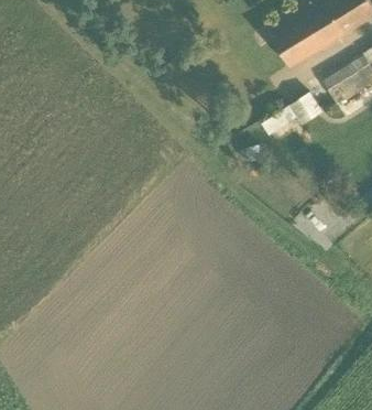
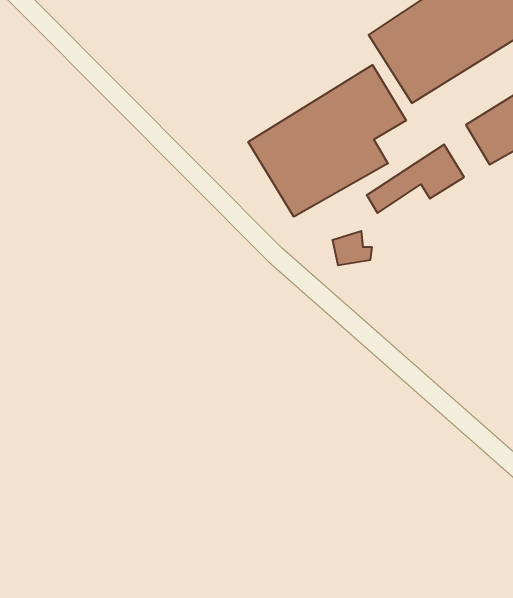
building: none -> [248,65,406,217]

